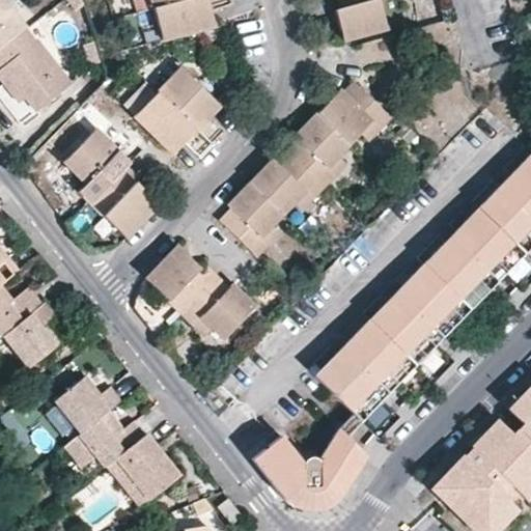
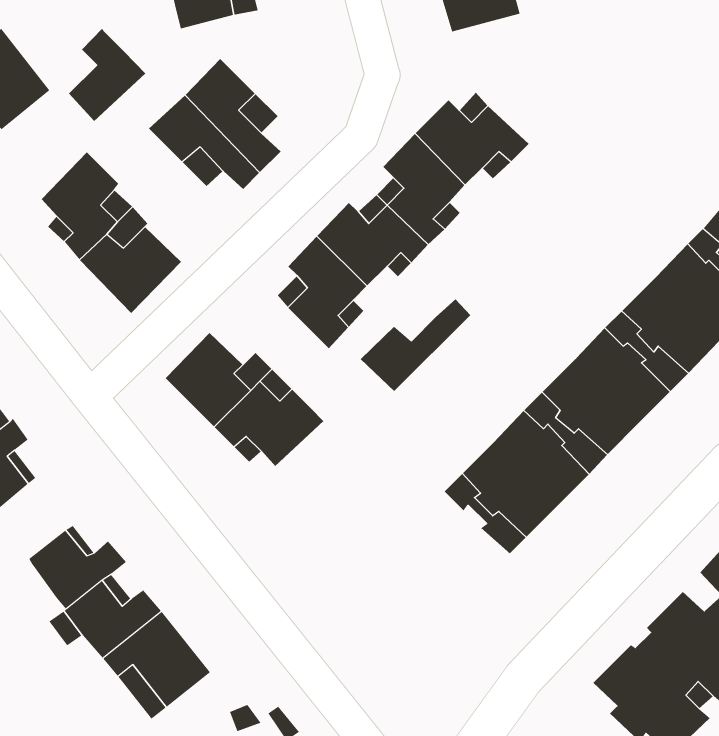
building: none -> [68,28,146,122]
building: none -> [360,299,471,392]
building: [315,354,381,419] -> none
building: [250,428,365,507] -> none

